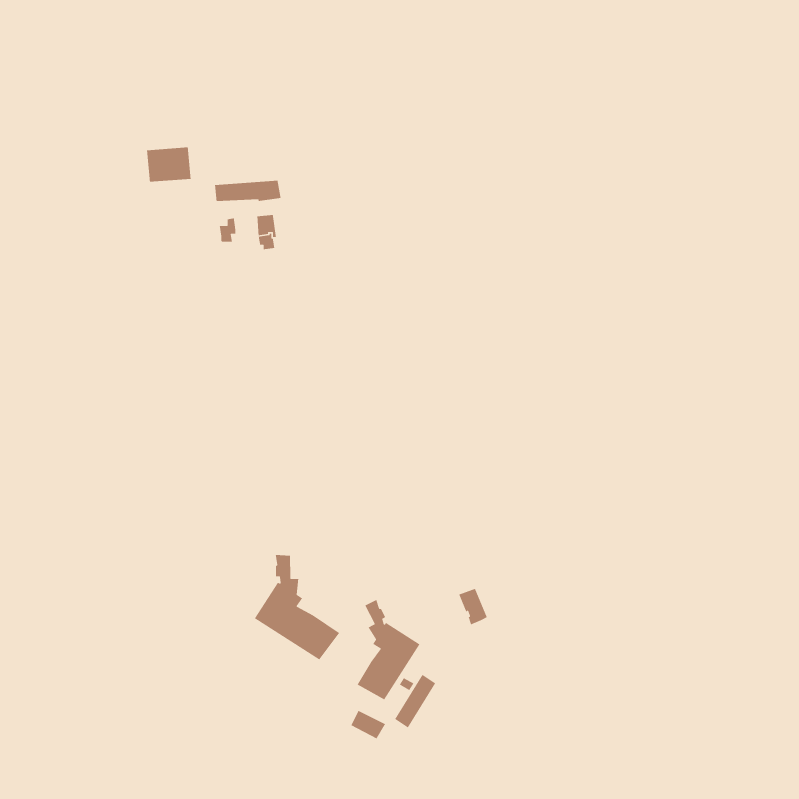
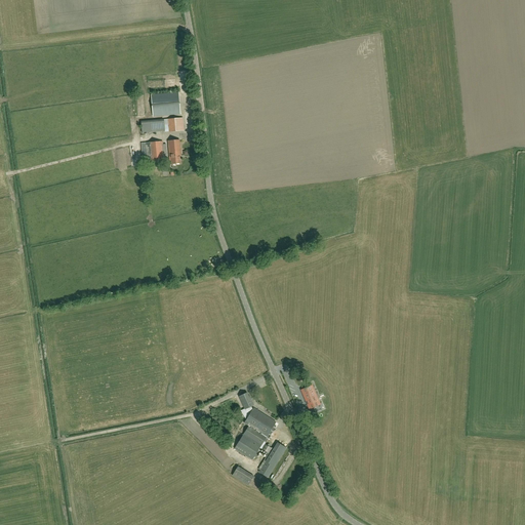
building: [146,147,192,183] -> [151,92,180,116]
building: [254,554,340,660] -> none

